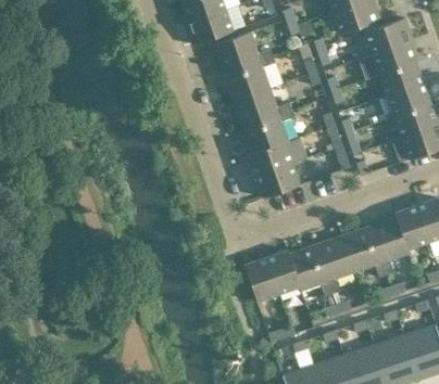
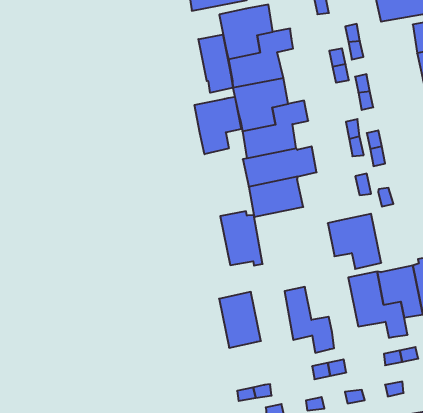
building: none -> [198,35,233,93]
building: none -> [195,97,241,154]
building: [311,235,356,280] -> [328,214,381,269]
building: [269,251,308,294] -> [220,211,263,266]

